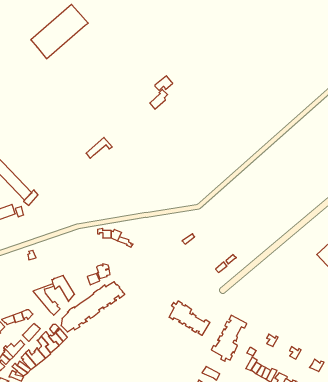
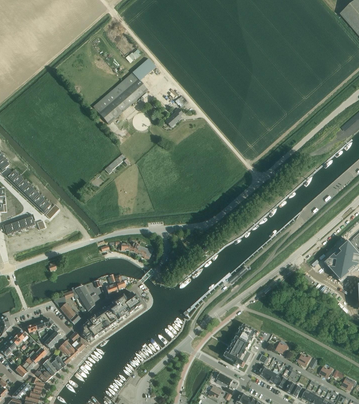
building: [31,4,88,59] -> [92,71,147,123]
building: [169,301,210,335] -> none

